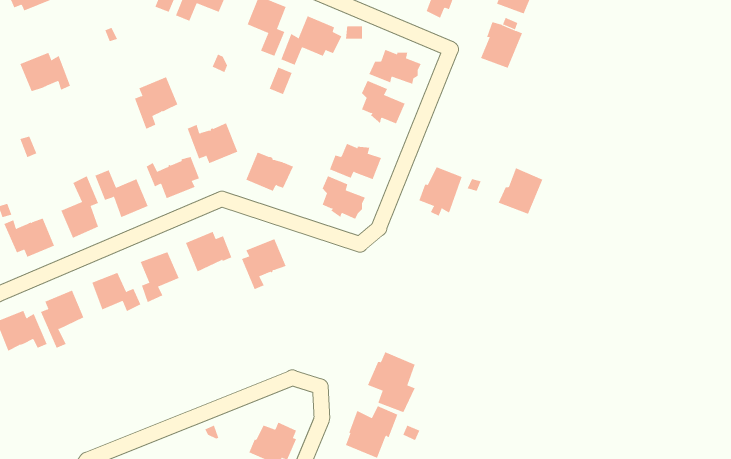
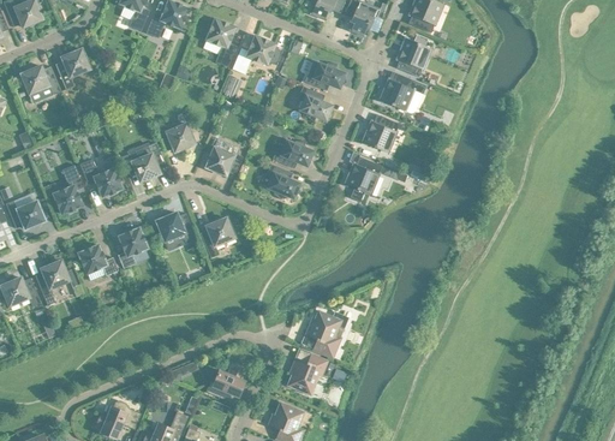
building: none -> [380,71,426,113]
building: [134,77,178,129] -> [55,46,91,89]
building: [498,168,543,215] -> [362,113,399,151]

